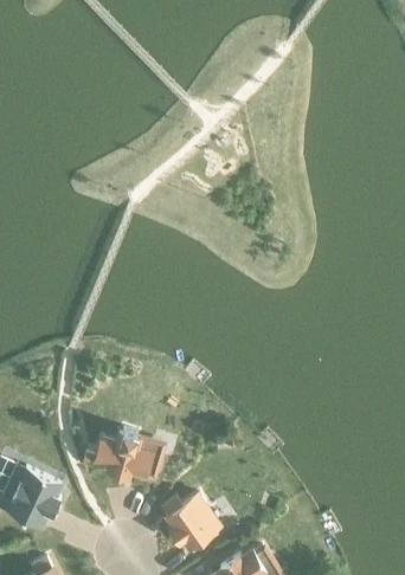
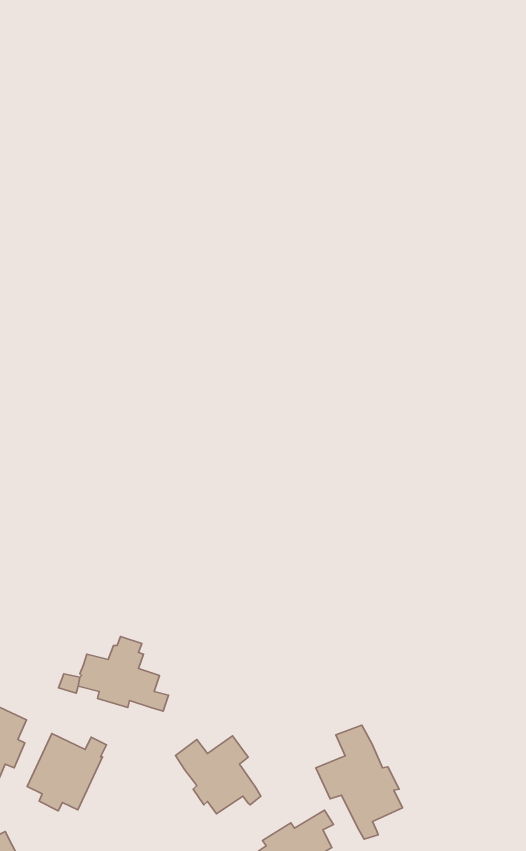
building: none -> [316,725,403,839]
building: none -> [27,733,107,811]

